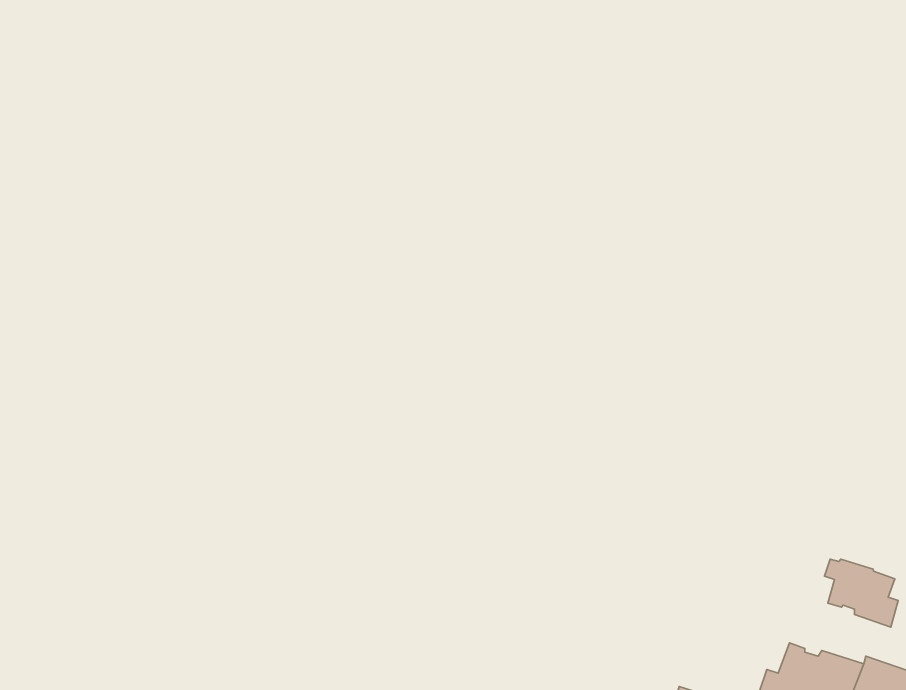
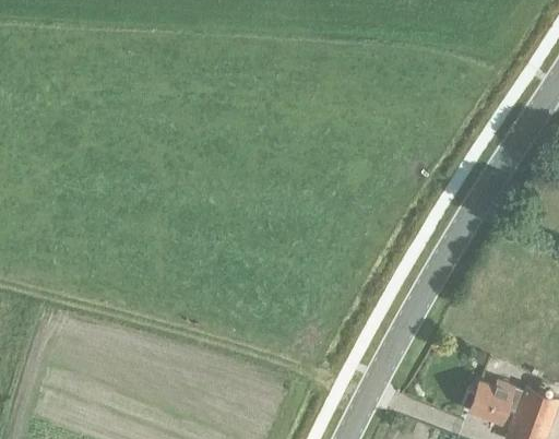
building: [825,559,898,627] -> none

